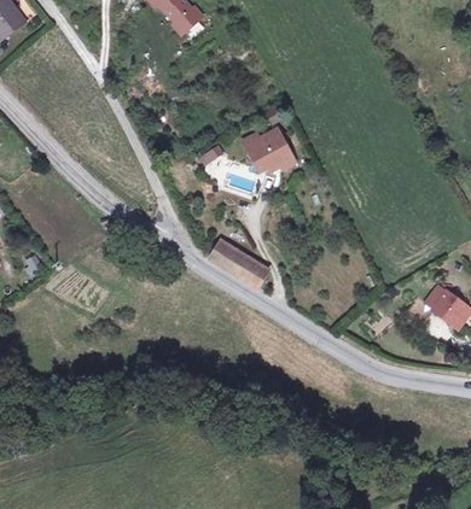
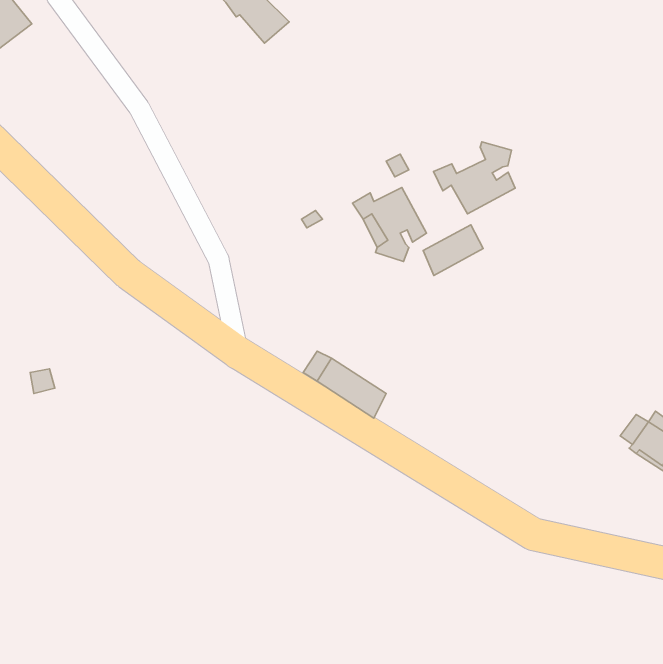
building: none -> [434,142,515,214]
building: none -> [423,225,483,276]

